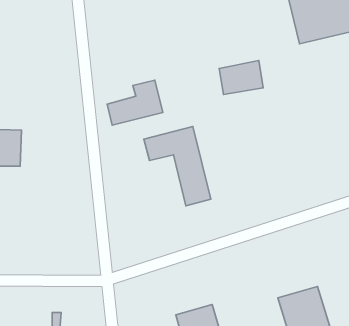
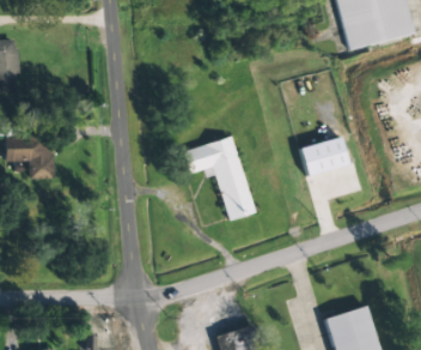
building: [219,61,263,95] -> [300,138,347,174]
building: [107,80,163,125] -> none

